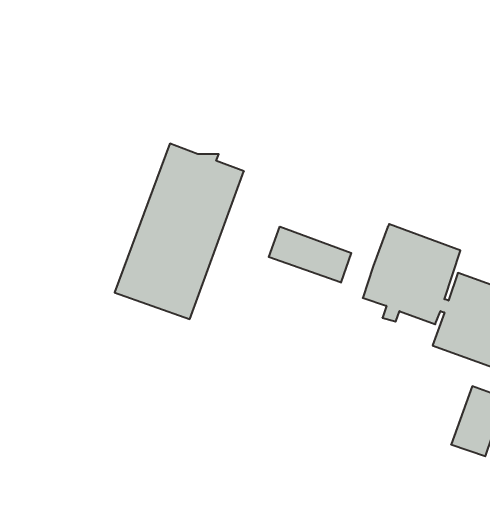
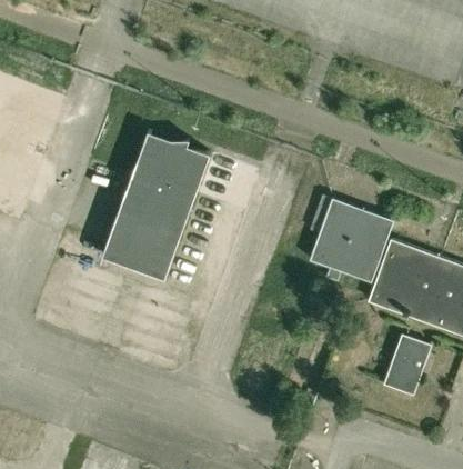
building: [269,227,351,283] -> none

